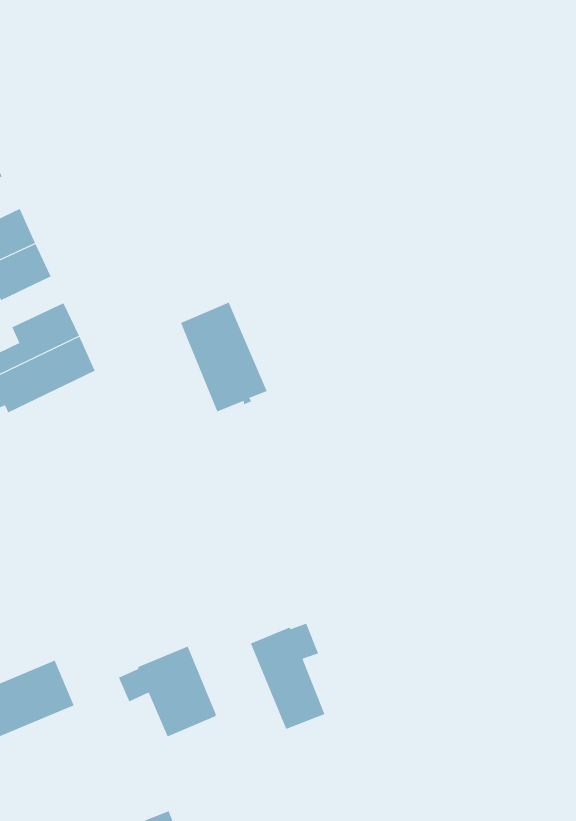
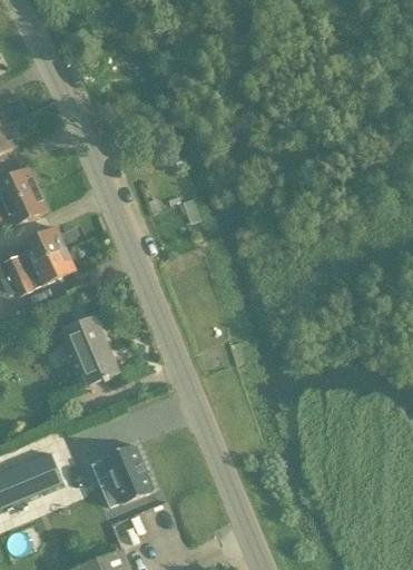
building: [180,302,268,412] -> [63,315,119,385]
building: [250,623,325,730] -> none

